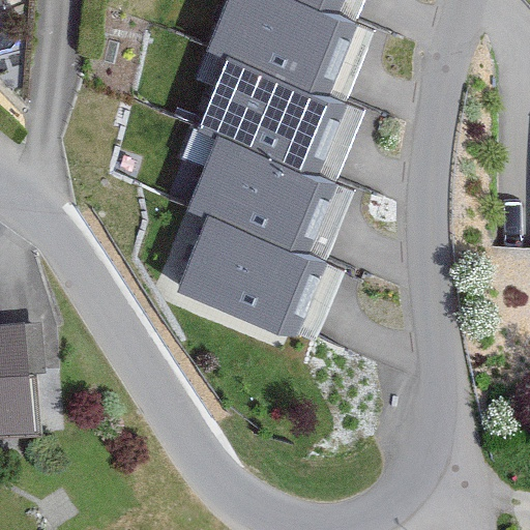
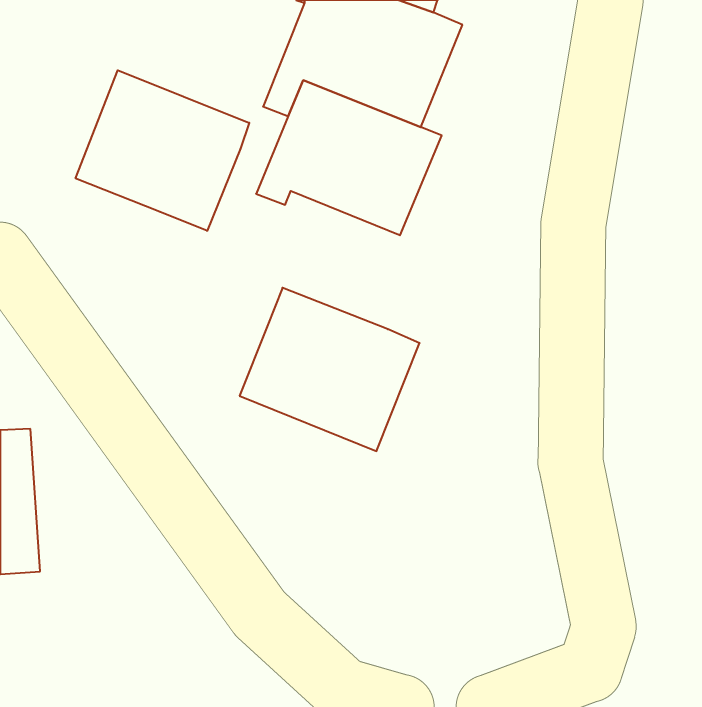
building: none -> [76,70,249,231]
building: [183,143,321,246] -> none

